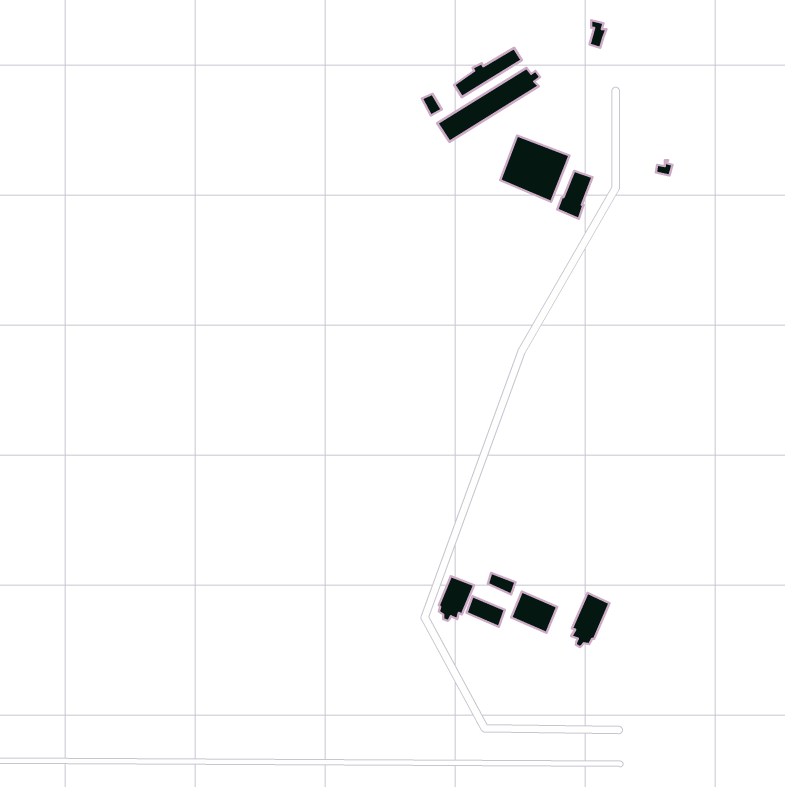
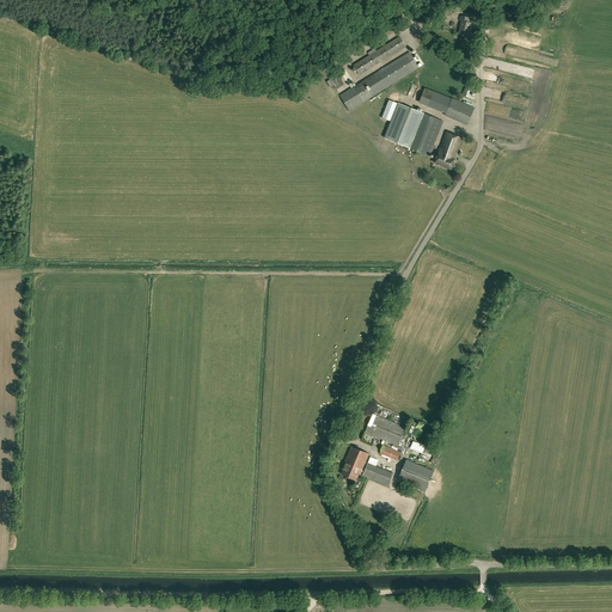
building: none -> [418,88,473,124]
building: none -> [363,414,404,446]
building: [571,593,610,647] -> none

